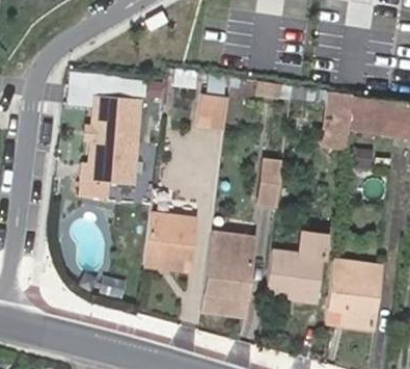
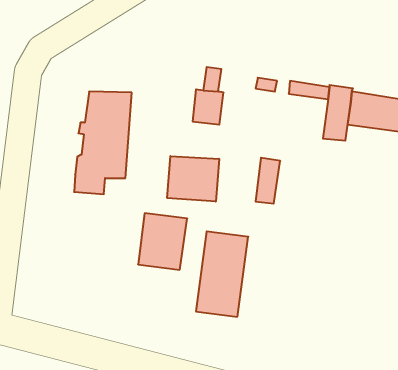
building: none -> [167,156,219,202]
building: [267,231,328,300] -> none
building: [325,258,381,324] -> none

